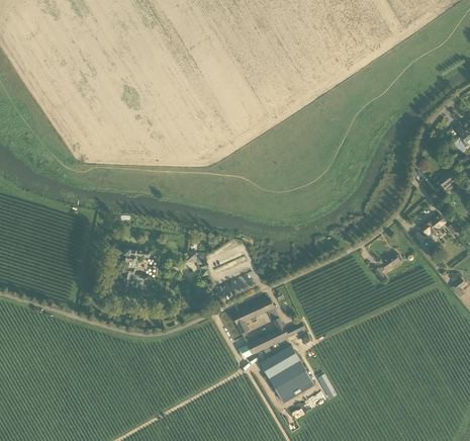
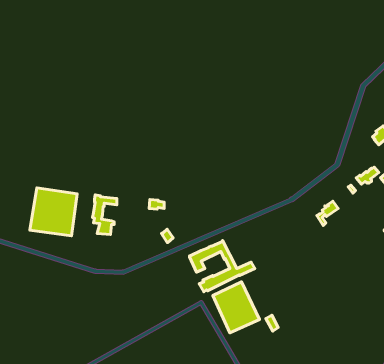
building: none -> [30,188,77,236]

